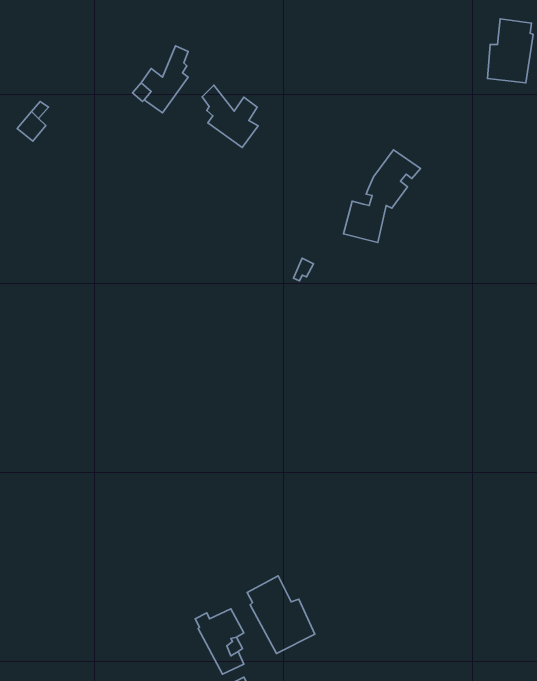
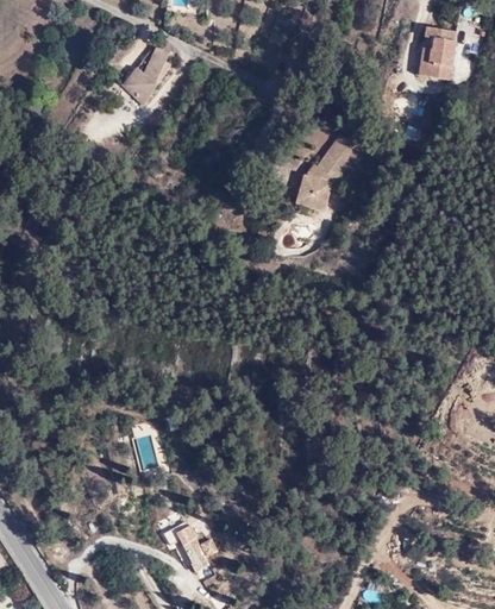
building: [202,85,258,148] -> none
building: [247,576,315,653] -> none

